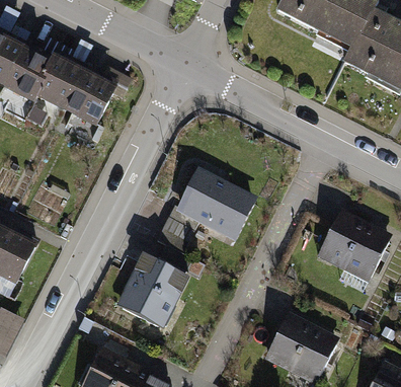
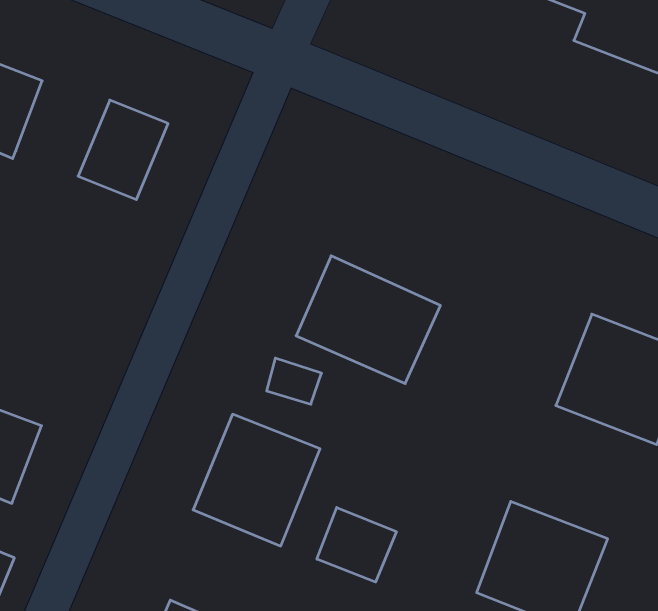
building: [37,59,90,114] -> none
building: none -> [317,507,396,582]

